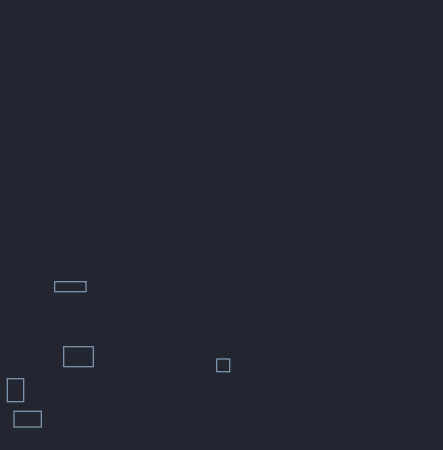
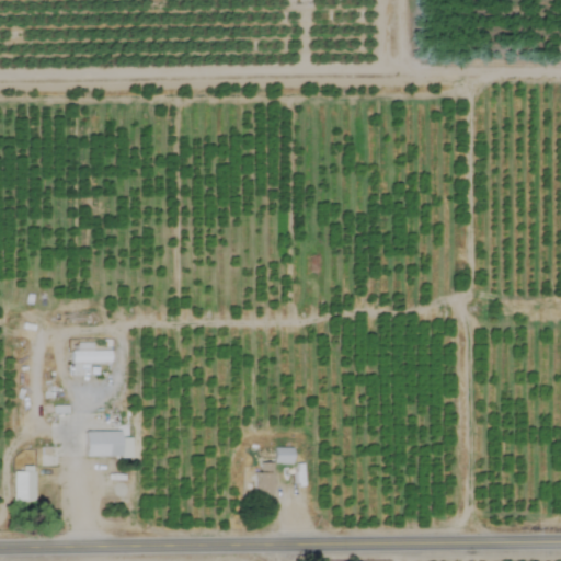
building: none -> [259,462,275,495]
building: [14,411,41,427] -> none

